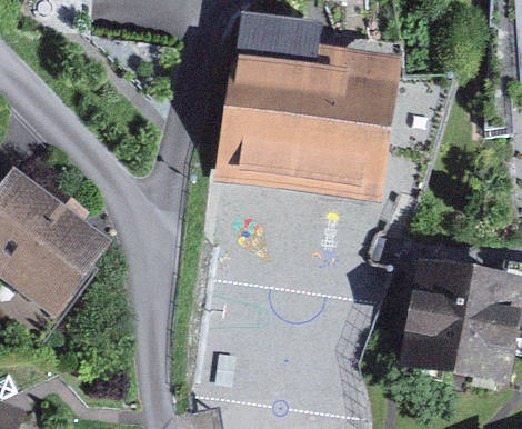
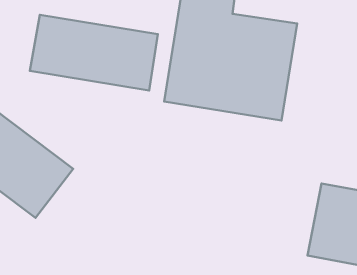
building: none -> [30,15,158,91]

